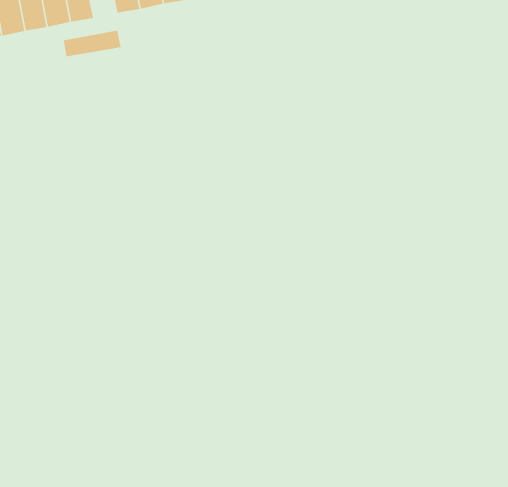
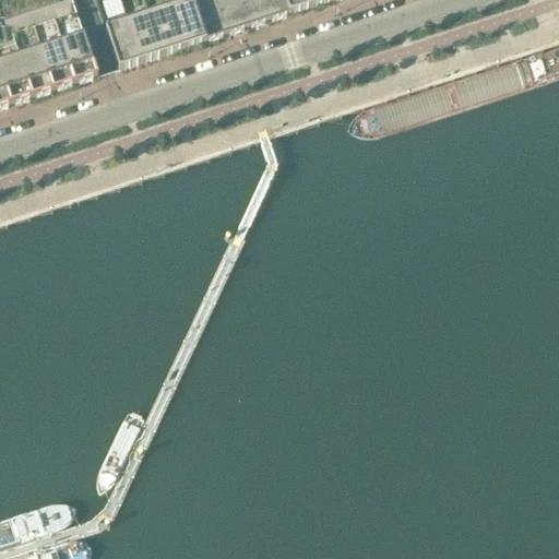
building: [63,30,121,57] -> none

